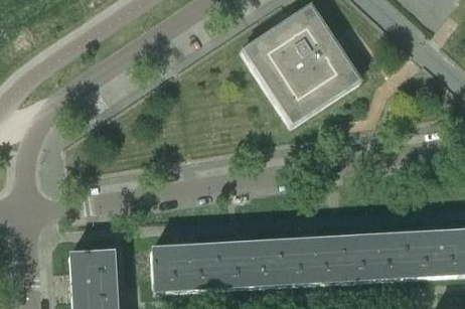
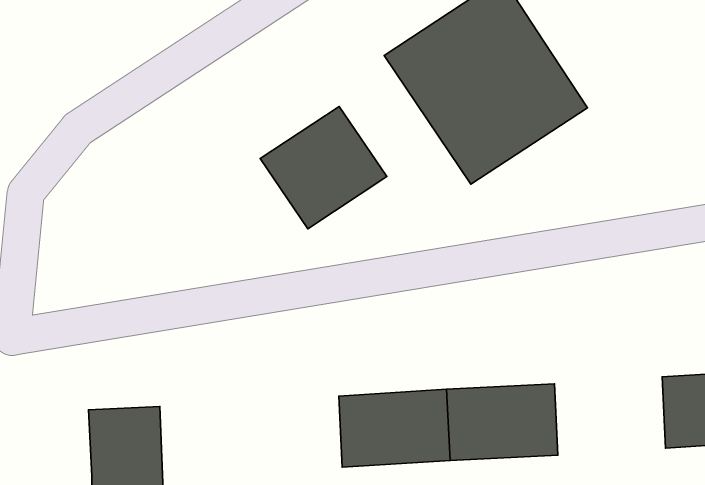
building: none -> [260,106,387,229]
building: [341,234,406,279] -> none
building: [153,245,218,289] -> none

